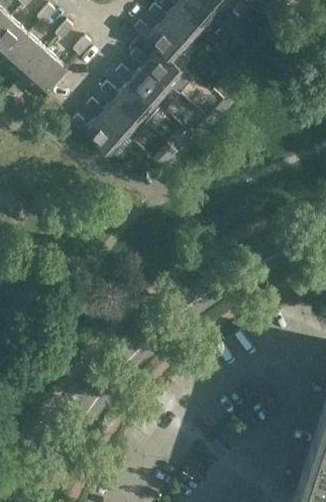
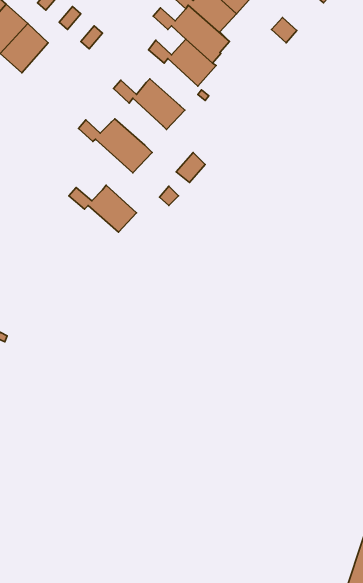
building: [23,49,65,91] -> none
building: [115,62,171,102] -> none
building: [85,96,141,135] -> [69,185,136,232]

